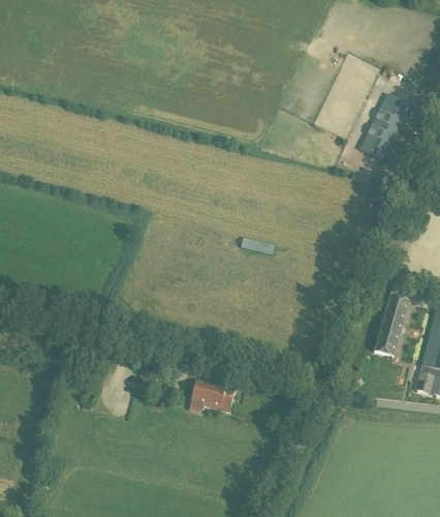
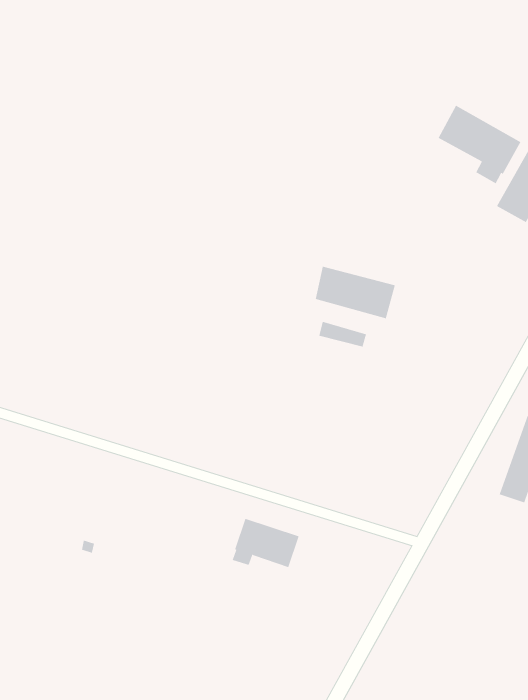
building: none -> [438,105,521,184]
building: none -> [315,266,395,319]

